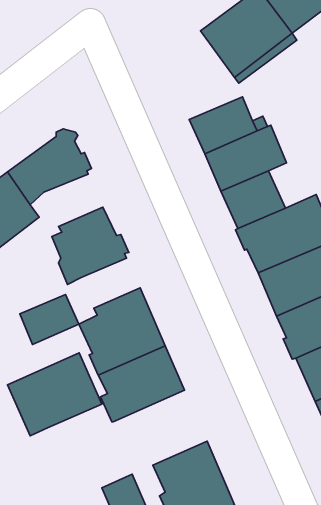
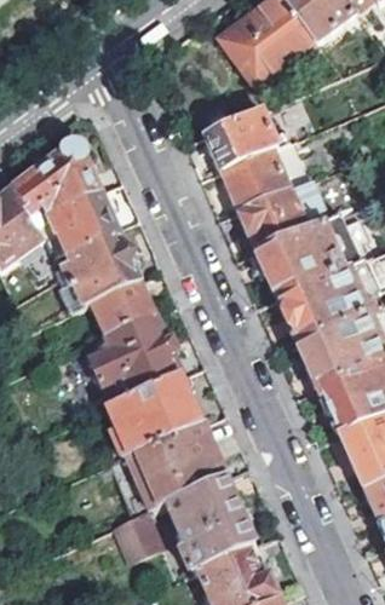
building: none -> [48,190,116,246]
building: [20,295,79,345] -> [88,280,151,333]
building: [8,353,102,436] -> [122,420,223,508]

